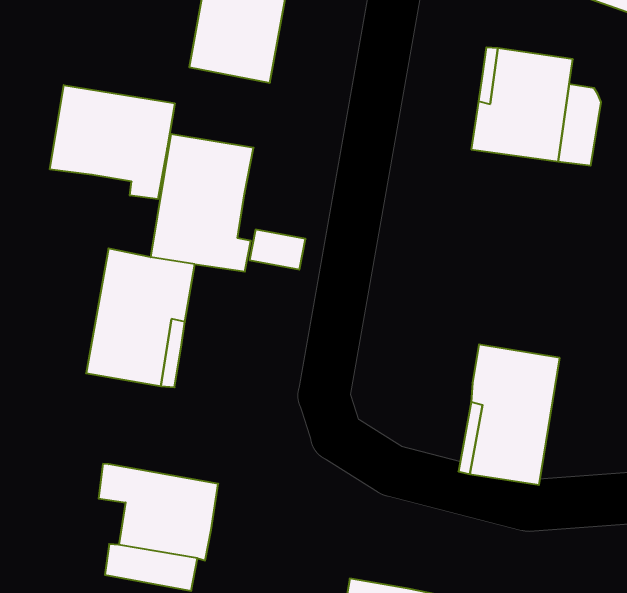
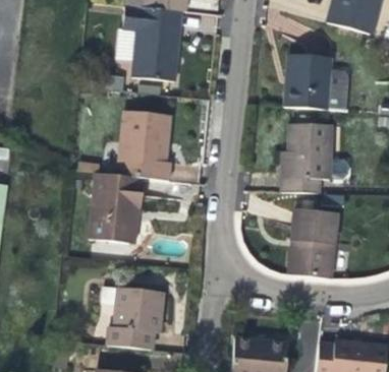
building: [50,85,175,199] -> none
building: none -> [280,124,332,193]

